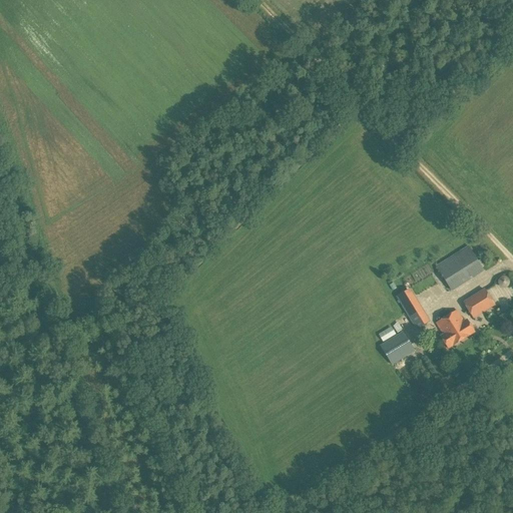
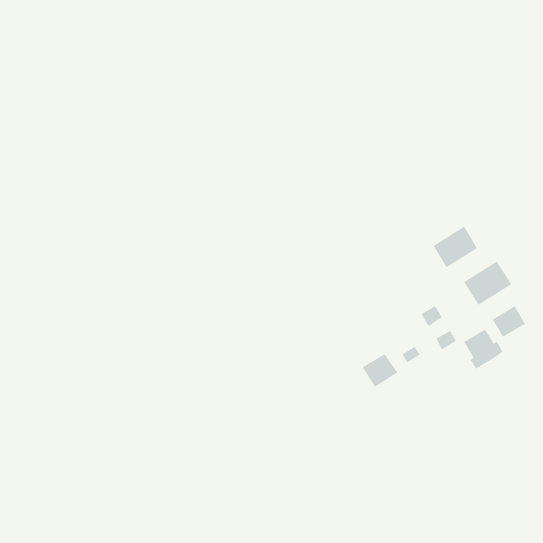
building: none -> [433,226,478,268]
building: [381,333,415,365] -> [362,353,398,387]

